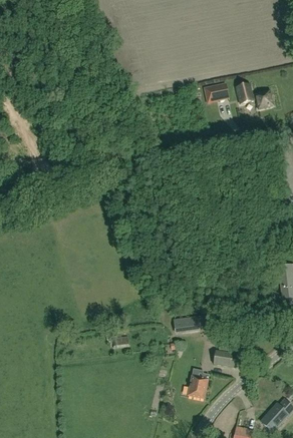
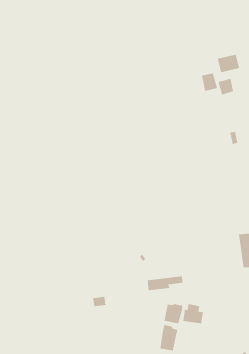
building: [203,82,229,103] -> [217,54,240,73]
building: none -> [164,303,183,324]

